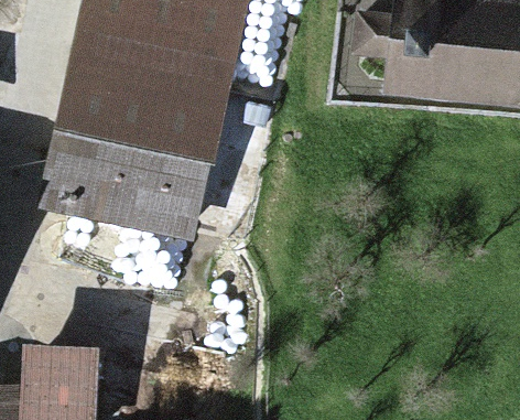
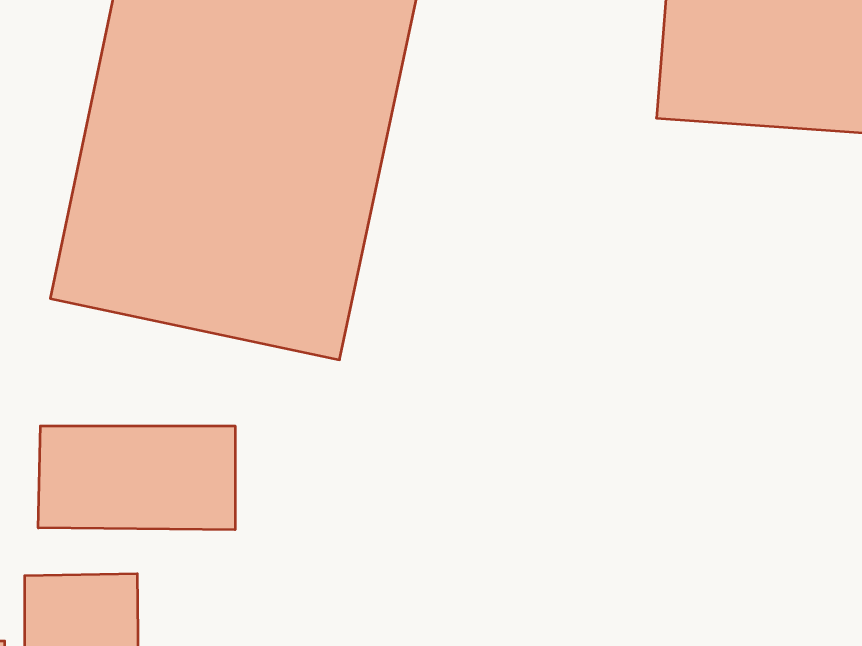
building: none -> [38,426,235,530]

